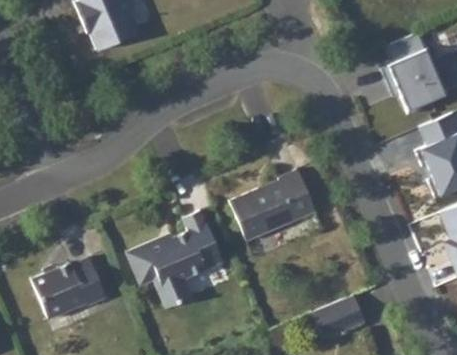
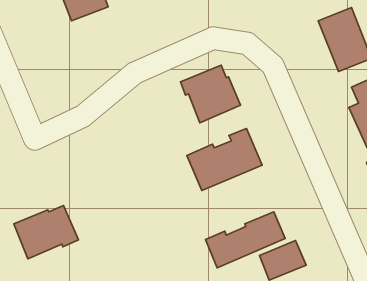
building: none -> [181,65,241,123]
building: [127,213,223,311] -> none
building: none -> [205,212,285,268]

